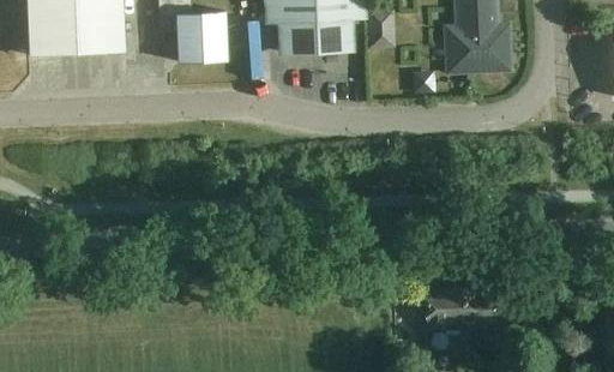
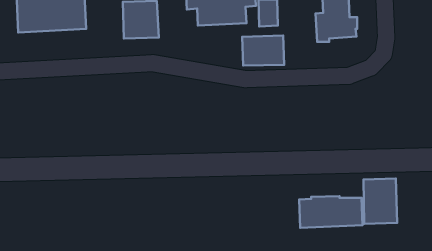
building: none -> [242,35,284,65]
building: none -> [364,178,397,224]

